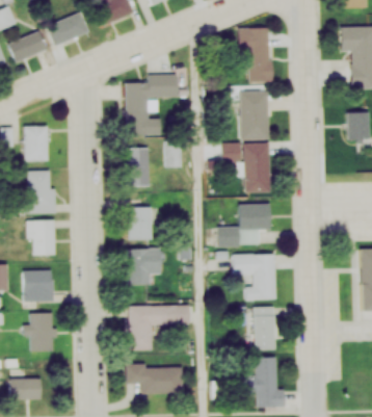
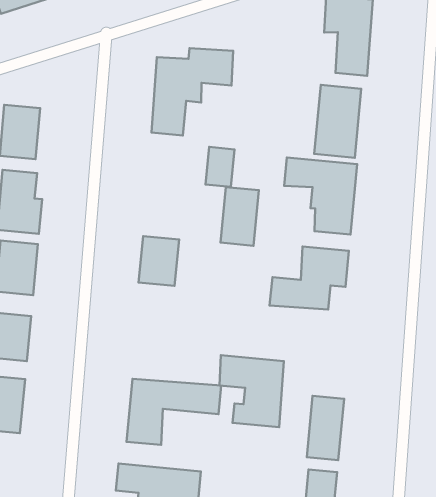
building: [127,148,150,186] -> [221,187,259,246]
building: [127,249,159,285] -> none
building: [232,254,276,299] -> [220,355,284,427]

